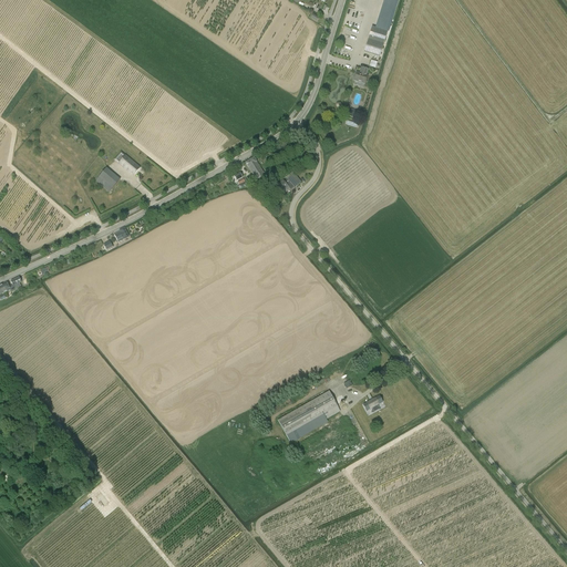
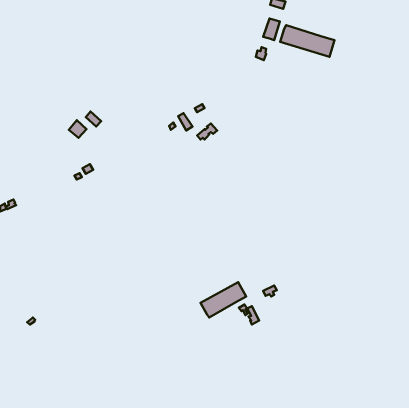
building: none -> [280,25,334,57]

